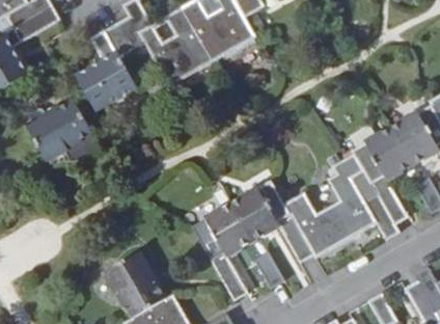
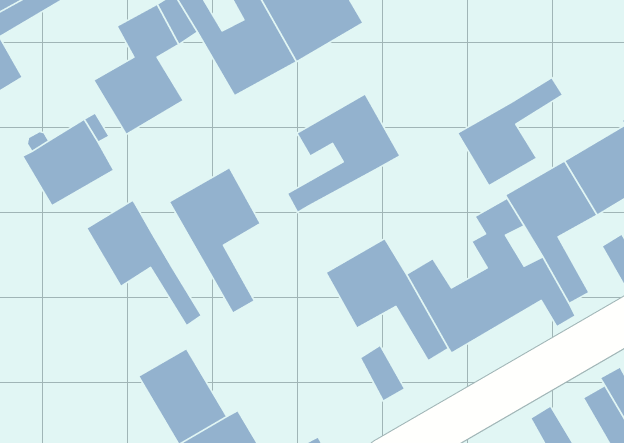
building: none -> [458,77,563,186]
building: none -> [287,94,400,213]
building: none -> [87,200,202,326]
building: [191,204,252,301] -> [169,168,261,313]

